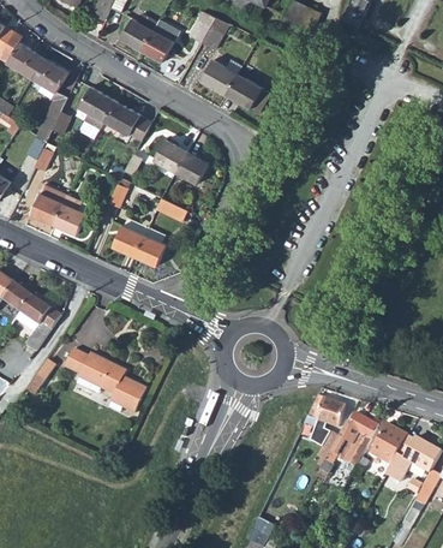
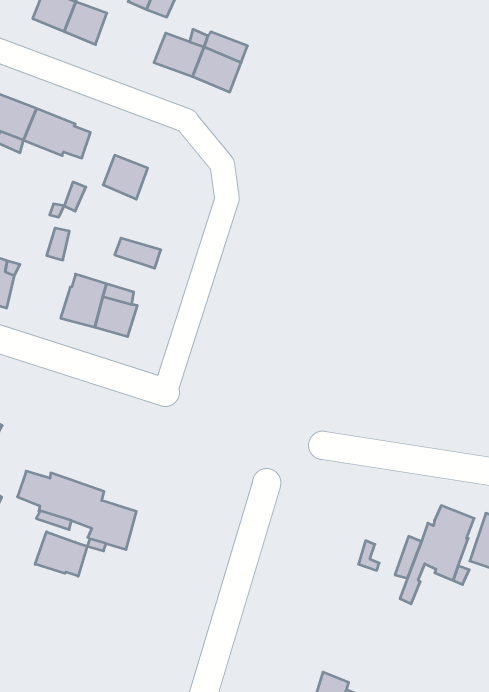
building: [175,151,208,184] -> none
building: none -> [35,532,87,576]
building: [304,394,345,427] -> none

